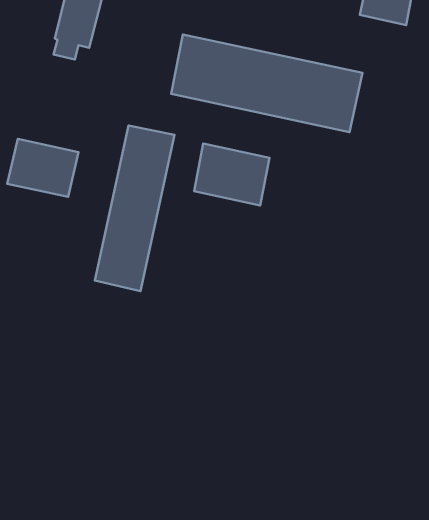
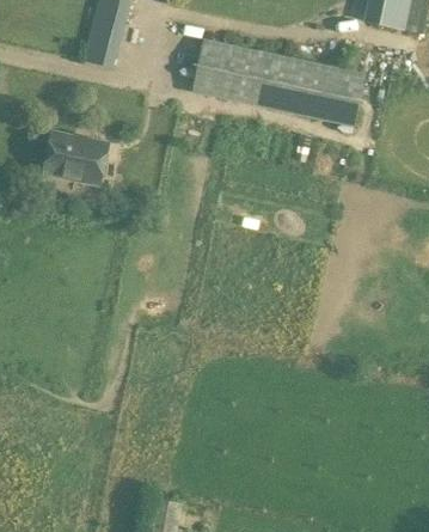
building: [95,125,174,291] -> none
building: [194,144,270,205] -> none

